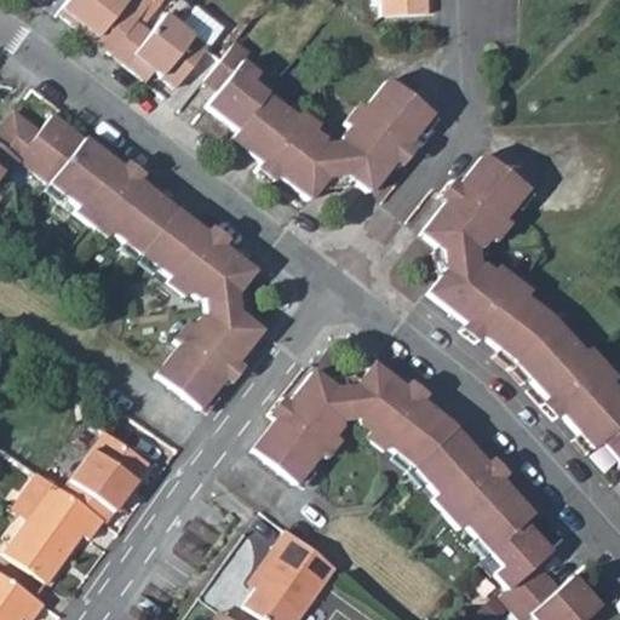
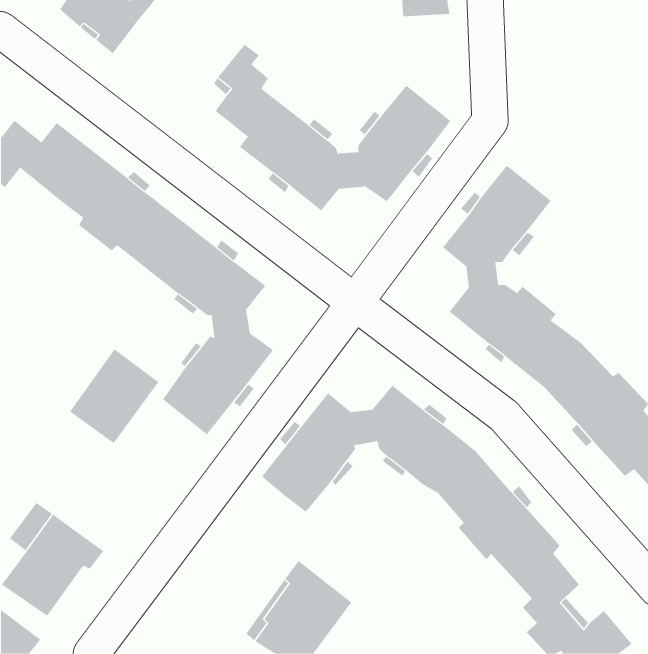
building: [115,13,211,86] -> none
building: [68,431,153,521] -> [69,349,159,444]

